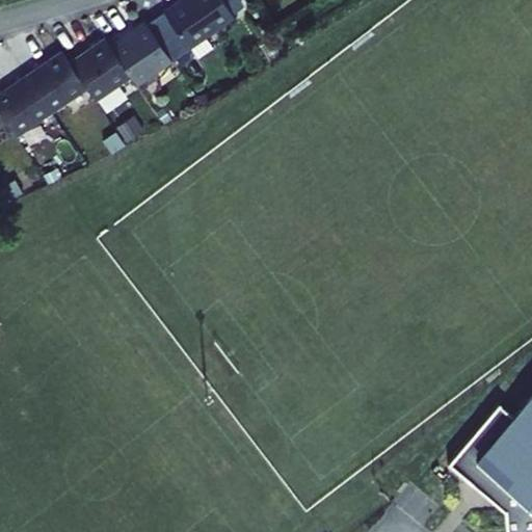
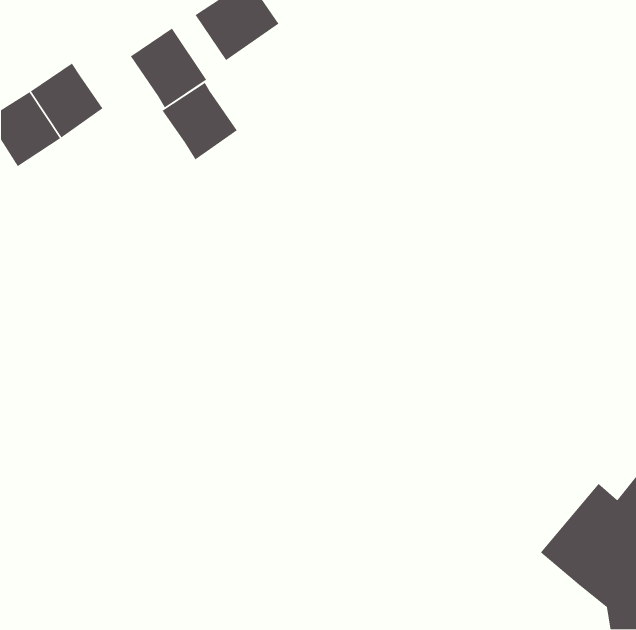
building: [69,39,132,105] -> [162,82,238,160]

